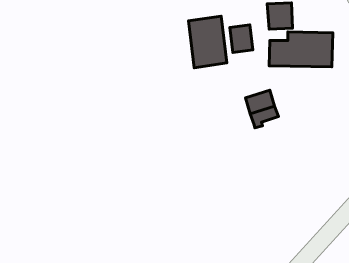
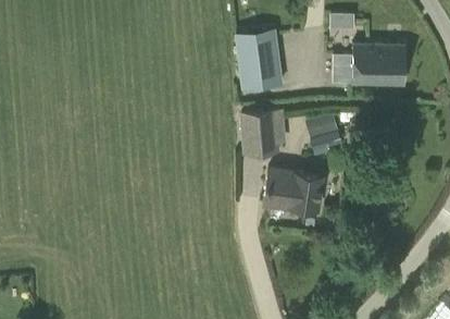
building: [230,25,253,52] -> none
building: none -> [238,110,284,156]
building: none -> [263,168,321,211]

